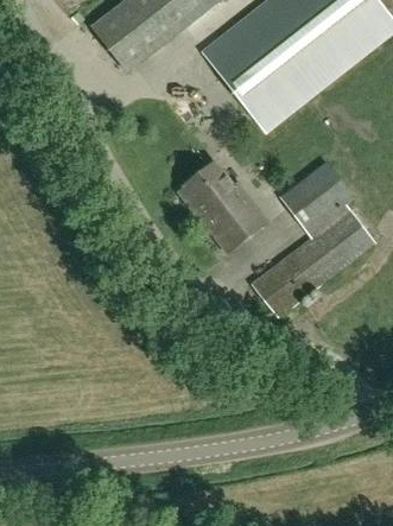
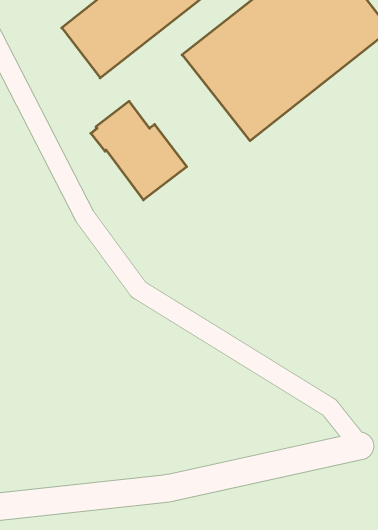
building: [178,161,267,253] -> [91,101,187,200]
building: [252,163,375,317] -> none

